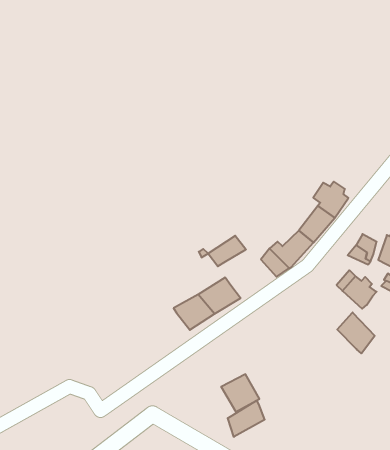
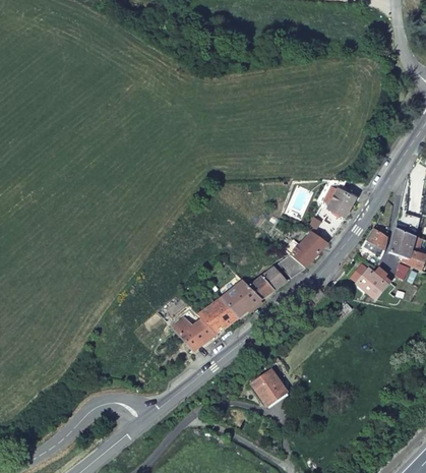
building: [208,236,246,266] -> [251,268,287,298]
building: none -> [172,317,216,349]
building: [337,312,375,353] -> none
building: [228,401,265,437] -> none

